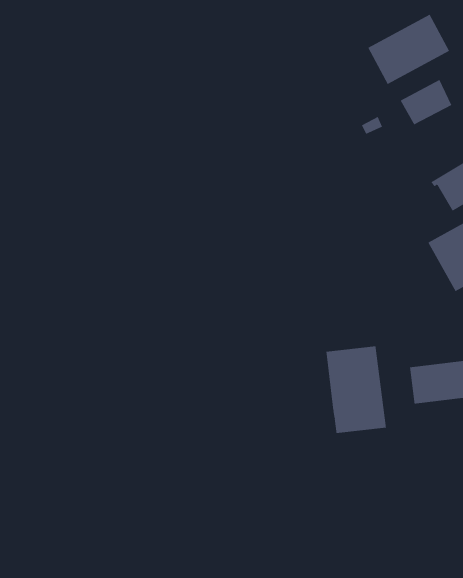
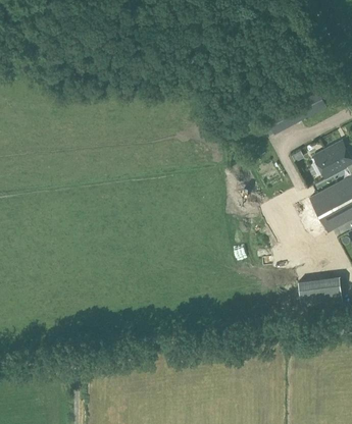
building: [367,14,450,85] -> none
building: [326,346,386,434] -> none

